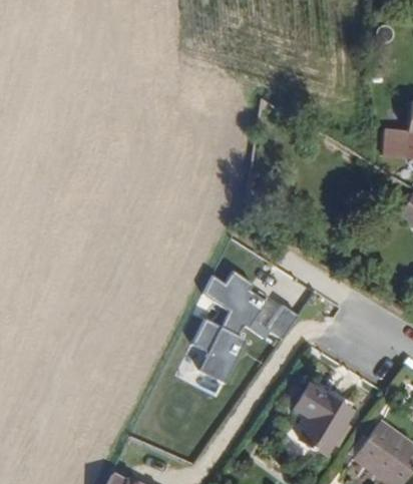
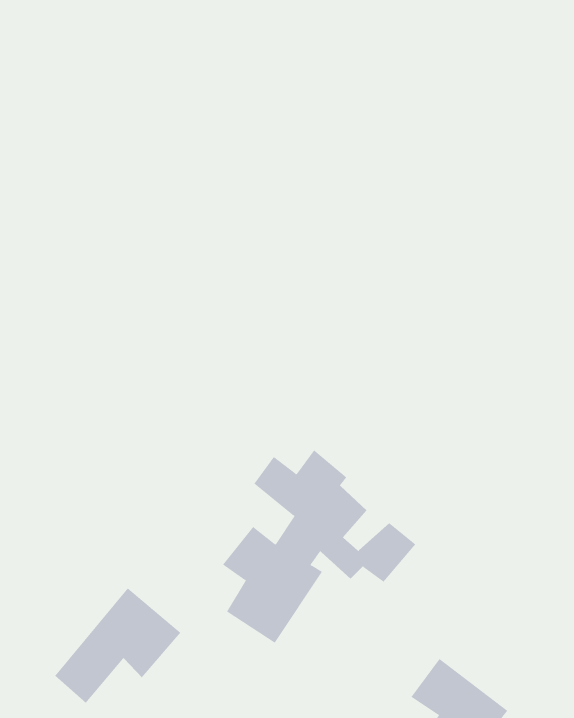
building: none -> [54,587,181,704]

